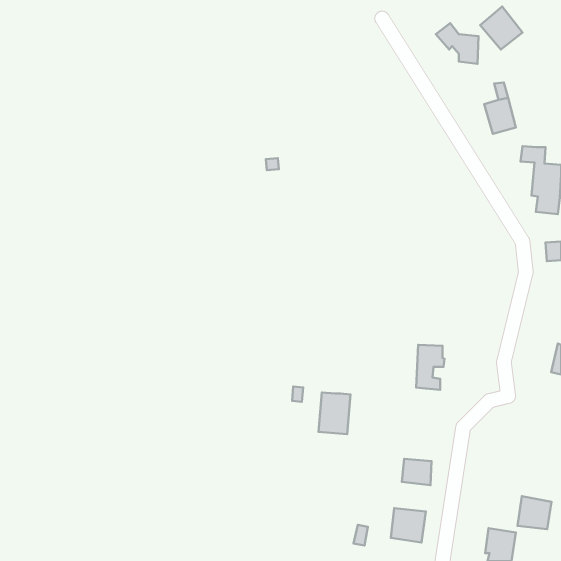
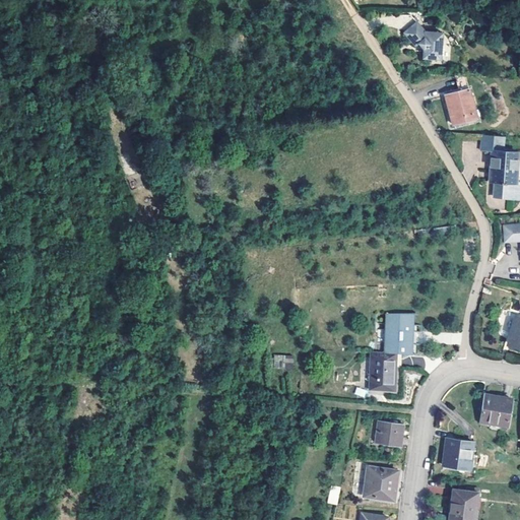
building: [480,7,522,49] -> none
building: [319,392,350,434] -> [365,358,394,396]
building: none -> [481,393,512,426]
building: [518,496,552,529] -> [442,437,473,467]

